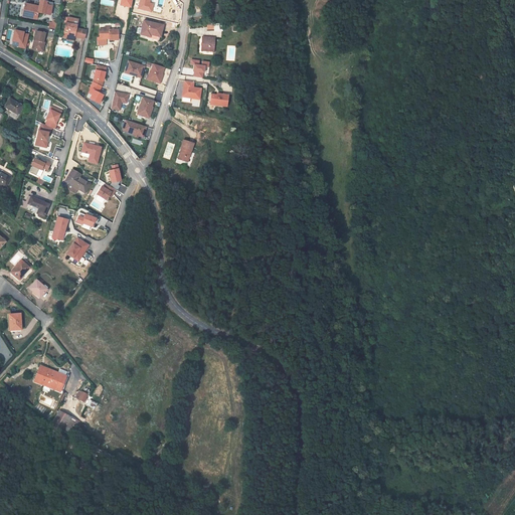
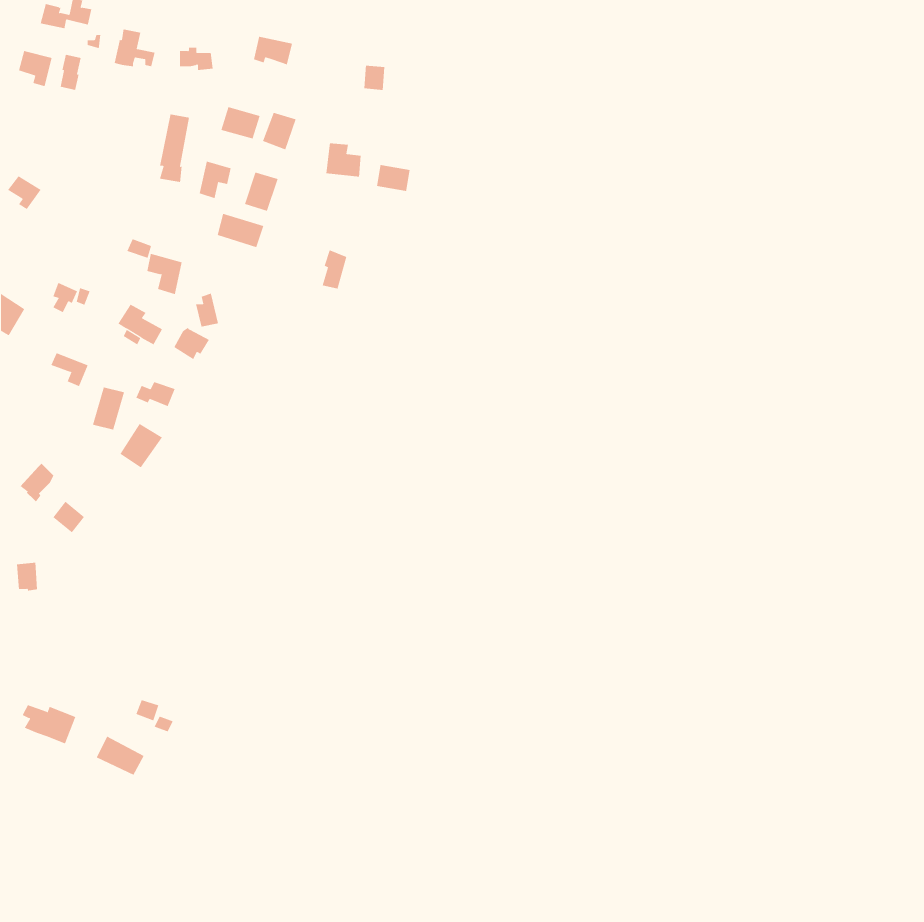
building: [32,106,61,148] -> none
building: [36,368,66,390] -> [22,704,76,744]

